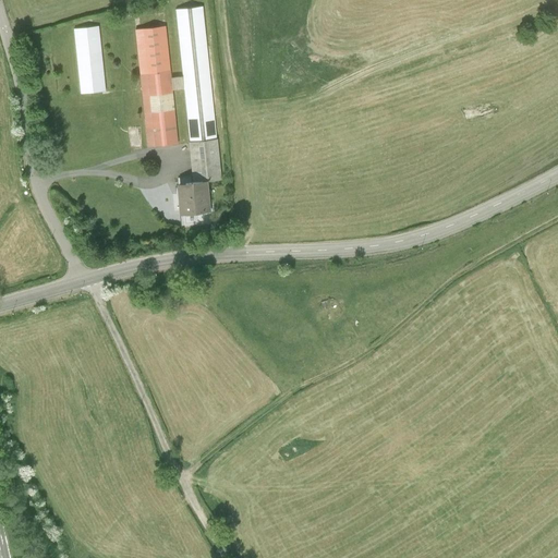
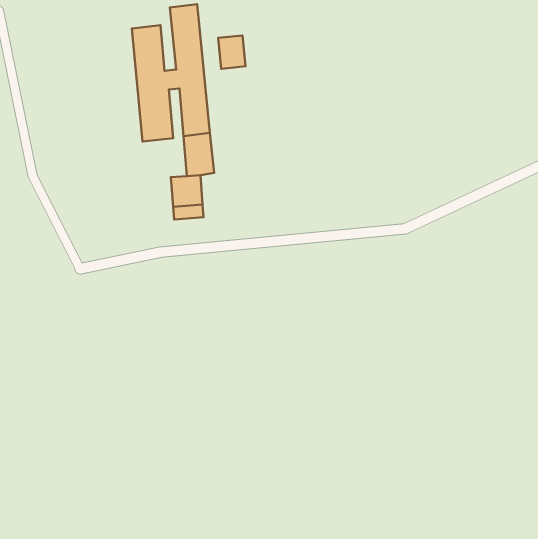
building: [74,26,107,92] -> none
building: none -> [218,35,246,69]

